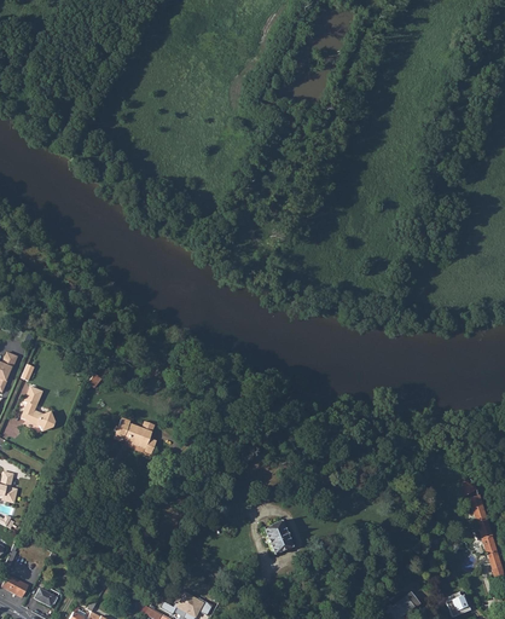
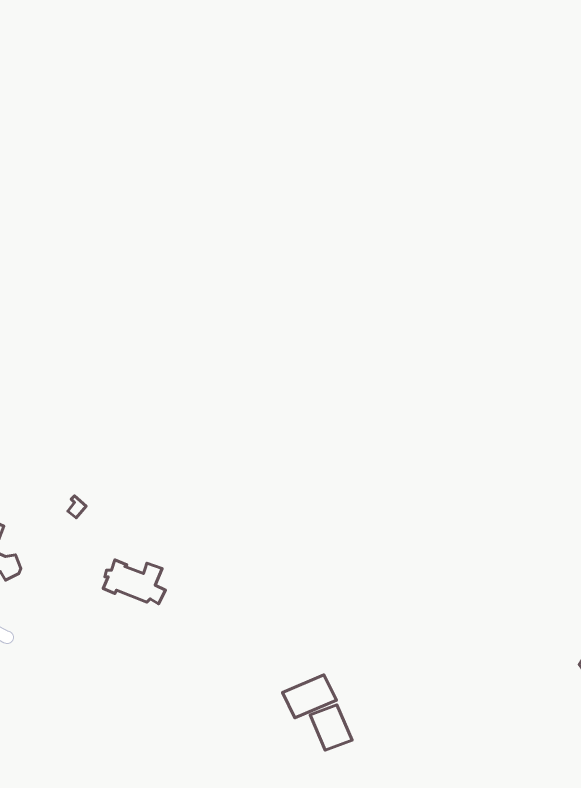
building: none -> [282,675,336,718]

